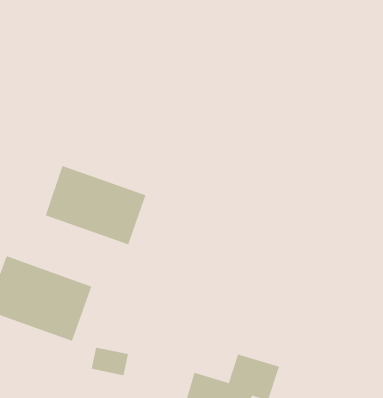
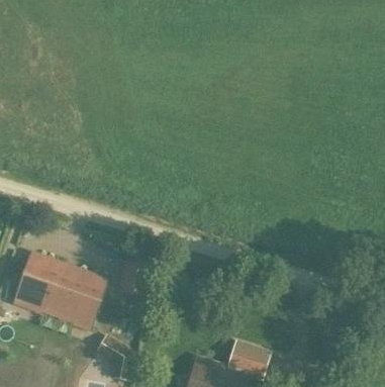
building: [45,165,146,245] -> none

